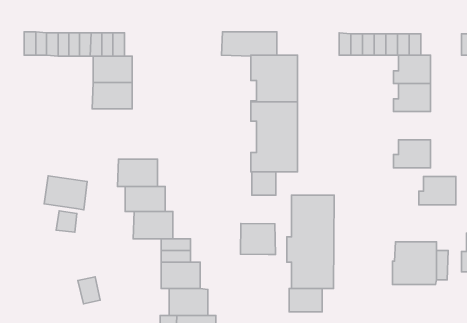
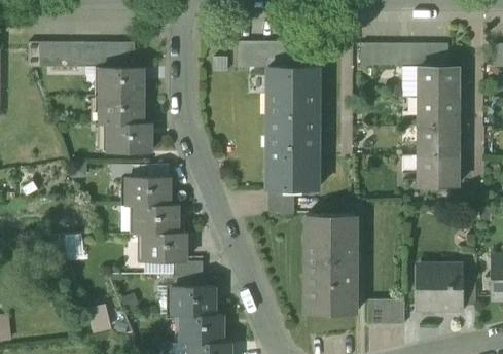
building: none -> [108,123,150,152]
building: [44,176,87,210] -> none
building: [419,177,456,205] -> [419,127,458,156]
building: [241,223,275,254] -> none
building: [289,288,322,312] -> [369,299,404,324]

